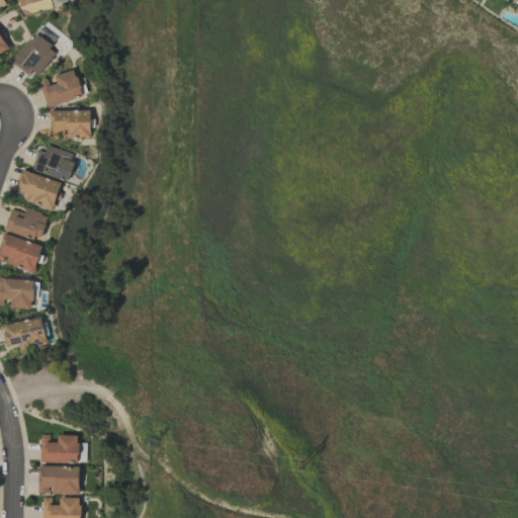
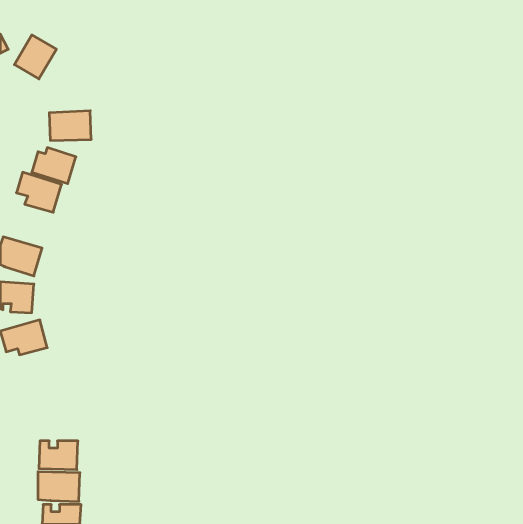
building: [39,70,83,107] -> none
building: [5,208,49,242] -> none

